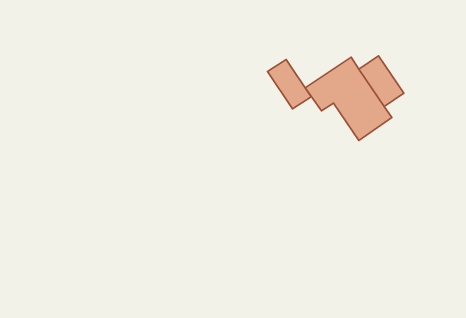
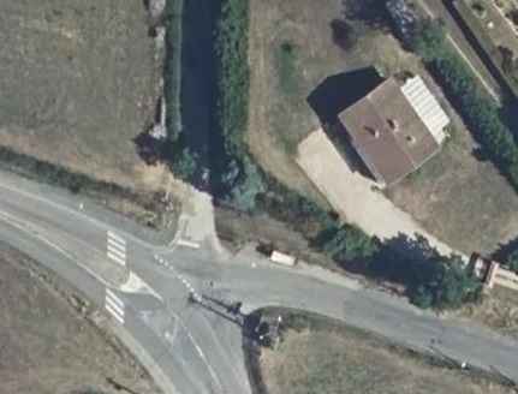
building: [267,60,311,109] -> [349,131,397,185]

